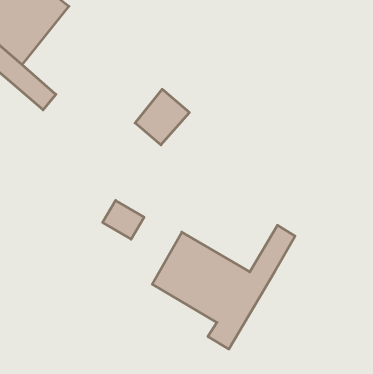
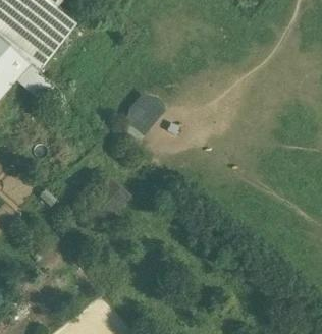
building: [152,225,295,349] -> none

